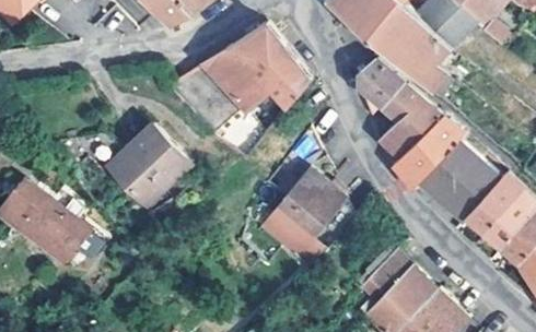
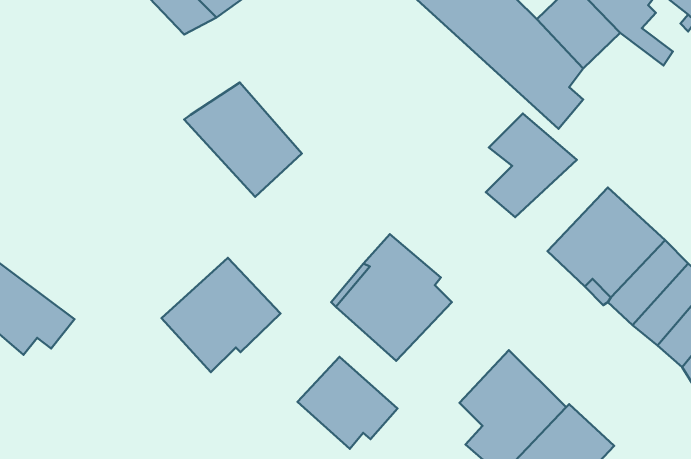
building: [205,17,313,112] -> none
building: [358,57,405,106] -> none
building: [393,115,465,188] -> none
building: [105,123,189,204] -> [161,258,281,372]
building: none -> [298,357,398,449]

